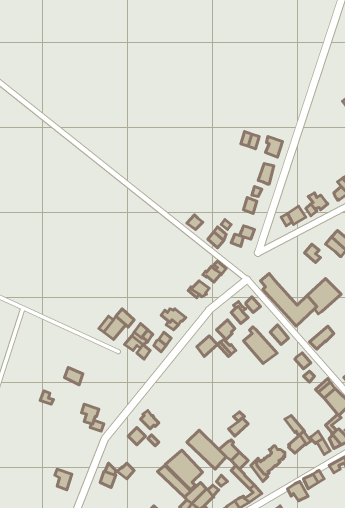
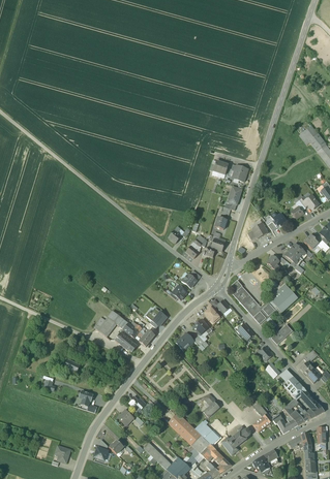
building: [244,327,277,364] -> none
building: [165,450,203,490] -> none

